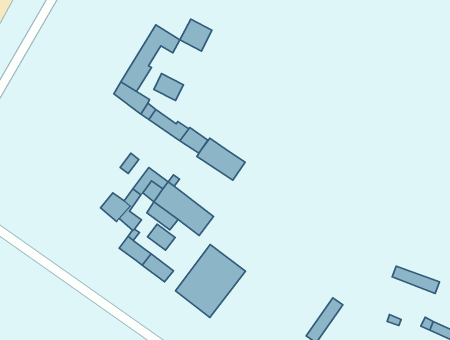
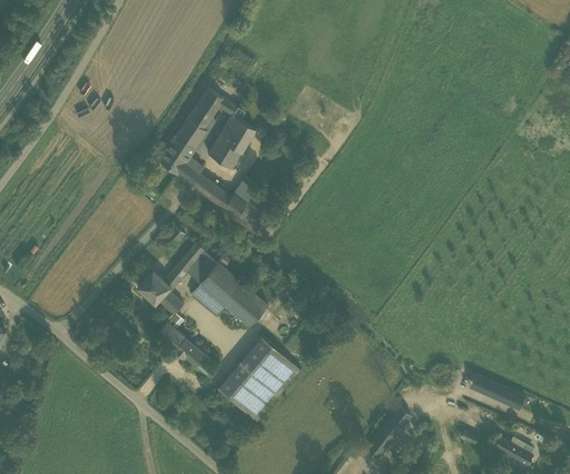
building: [180,19,212,51] -> [217,112,255,150]
building: [197,138,245,180] -> none
building: [147,224,175,250] -> none

